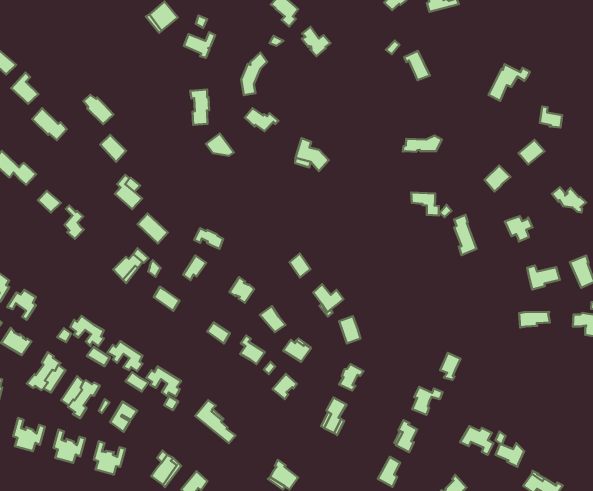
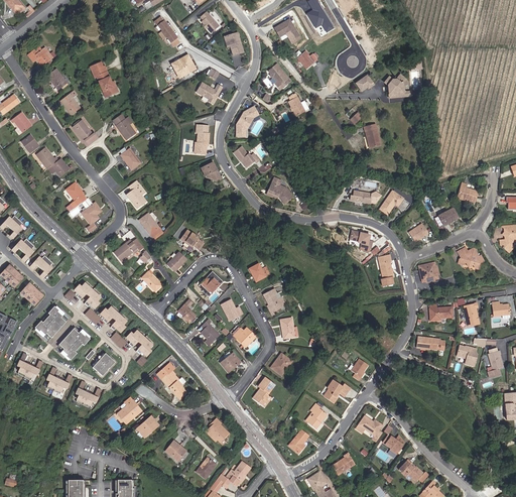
building: none -> [91,63,118,96]
building: [489,64,530,101] -> [380,187,414,214]

